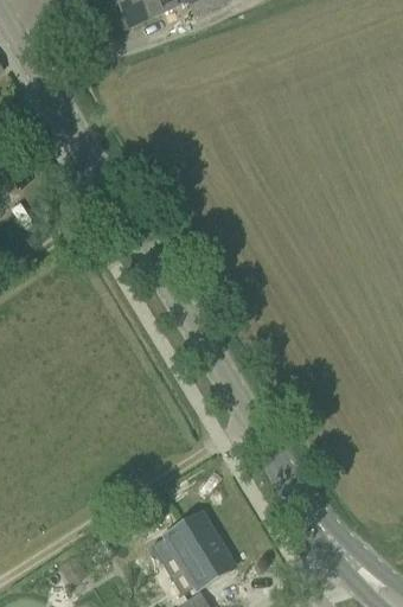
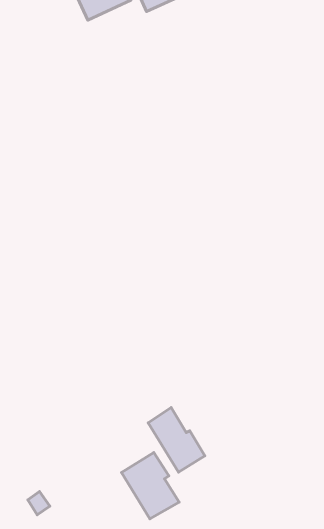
building: none -> [148,408,205,472]

